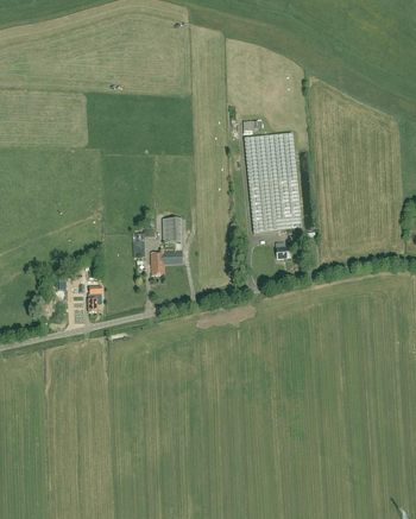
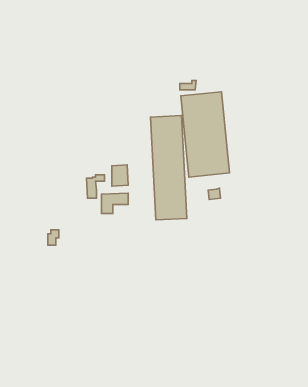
building: none -> [151,116,187,220]

